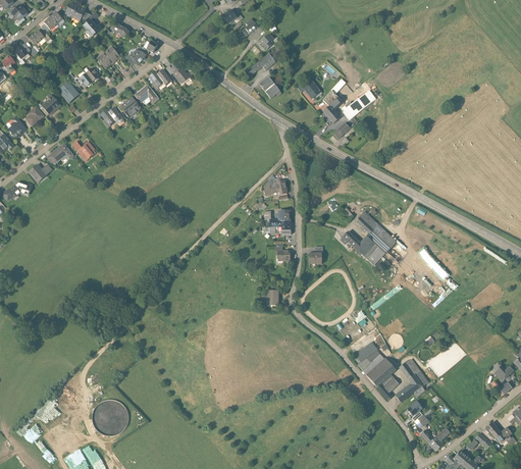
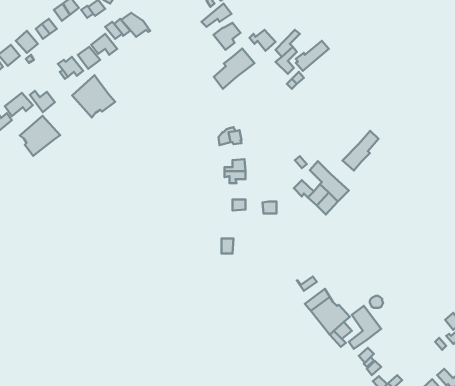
building: none -> [214,48,255,89]
building: none -> [72,75,115,117]
building: none -> [20,116,60,156]
building: none -> [342,131,379,171]
building: [92,400,127,434] -> none

